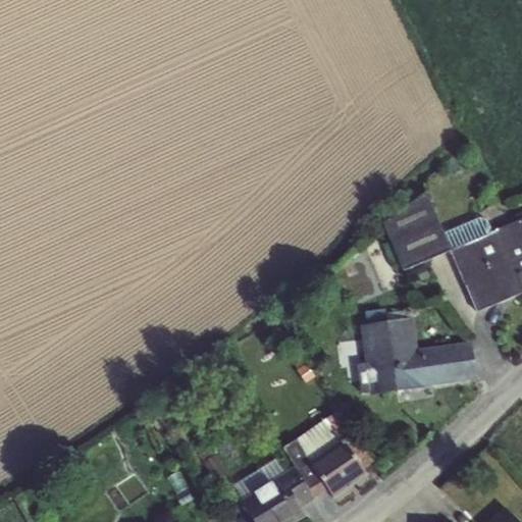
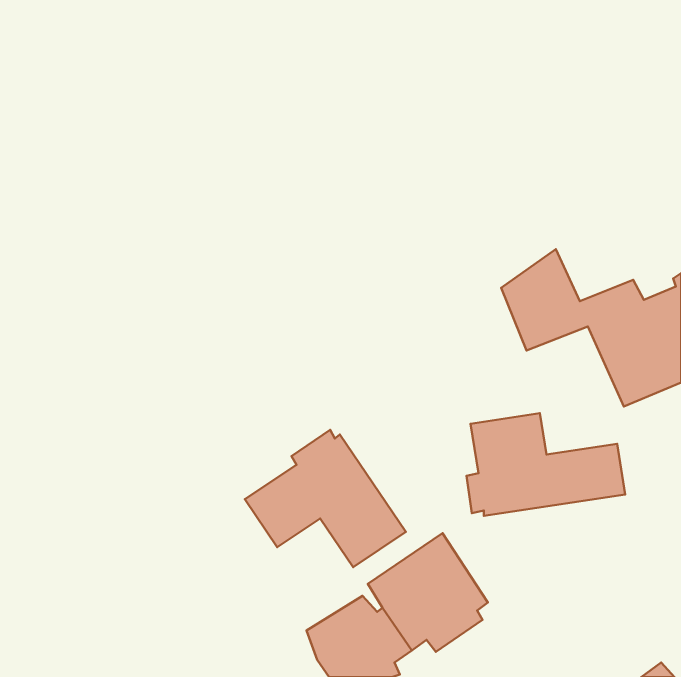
building: none -> [245,430,406,567]

